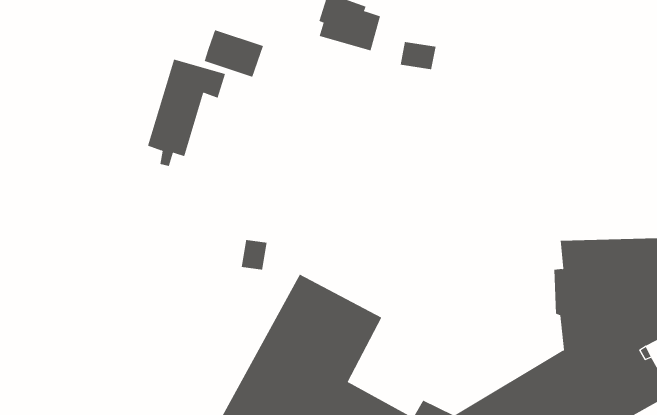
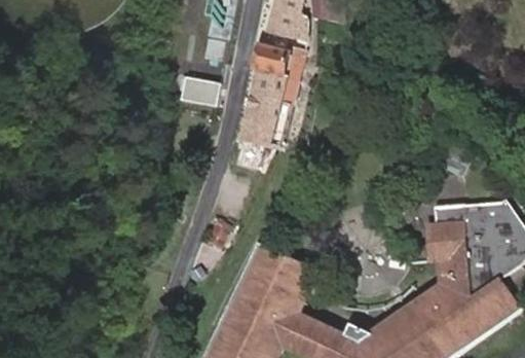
building: [147,59,226,166] -> [245,77,296,152]

